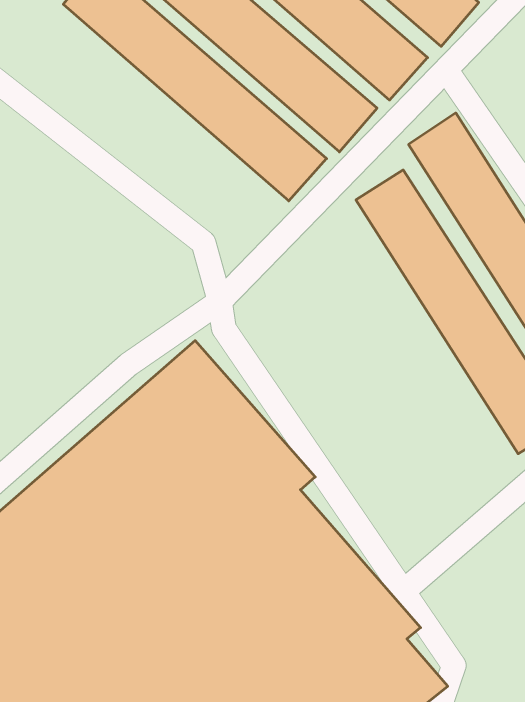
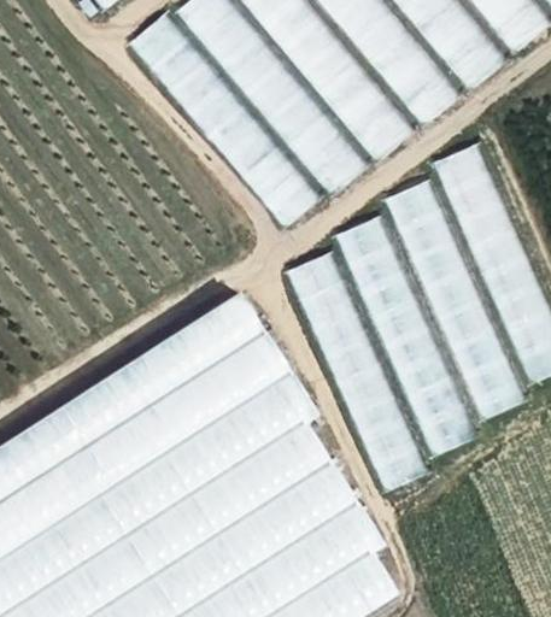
building: none -> [130,14,320,227]
building: none -> [336,219,476,458]
building: none -> [287,253,427,492]

